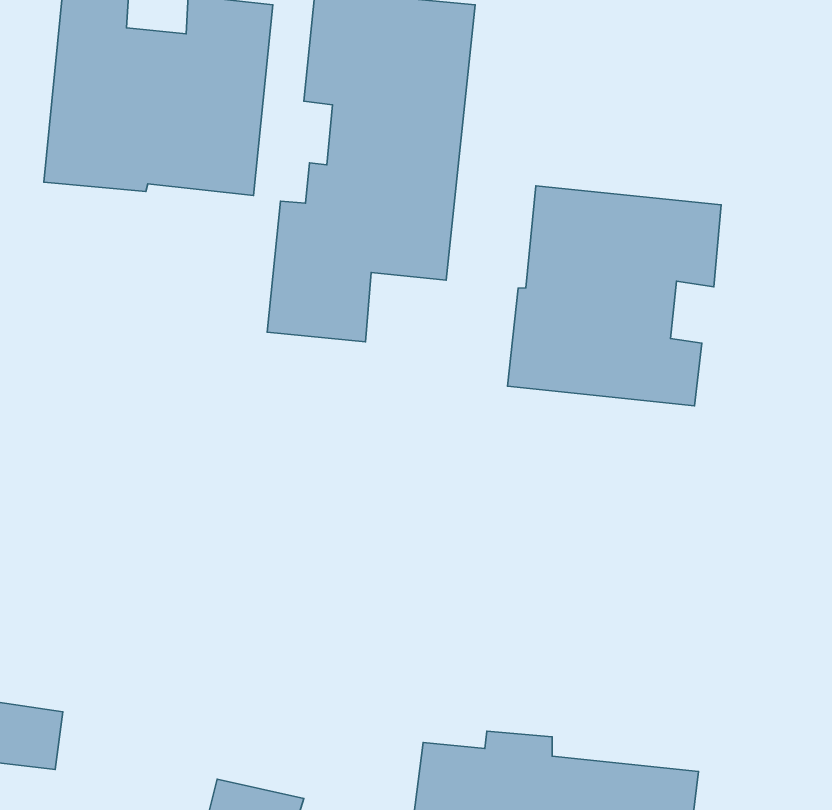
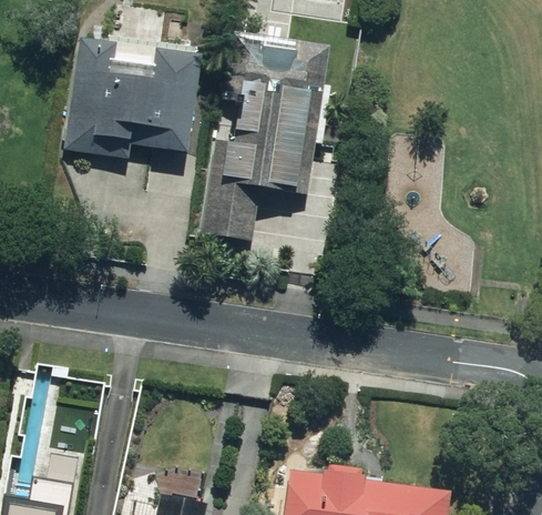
building: [507,186,721,406] -> none

